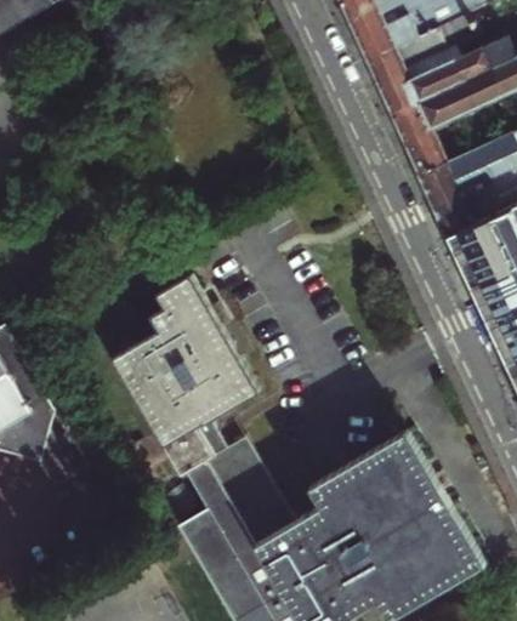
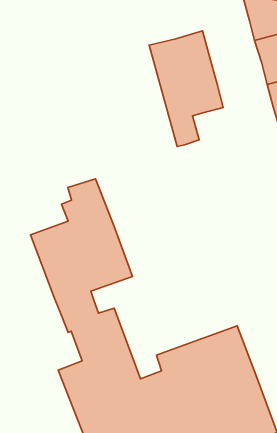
building: none -> [149,31,223,147]

